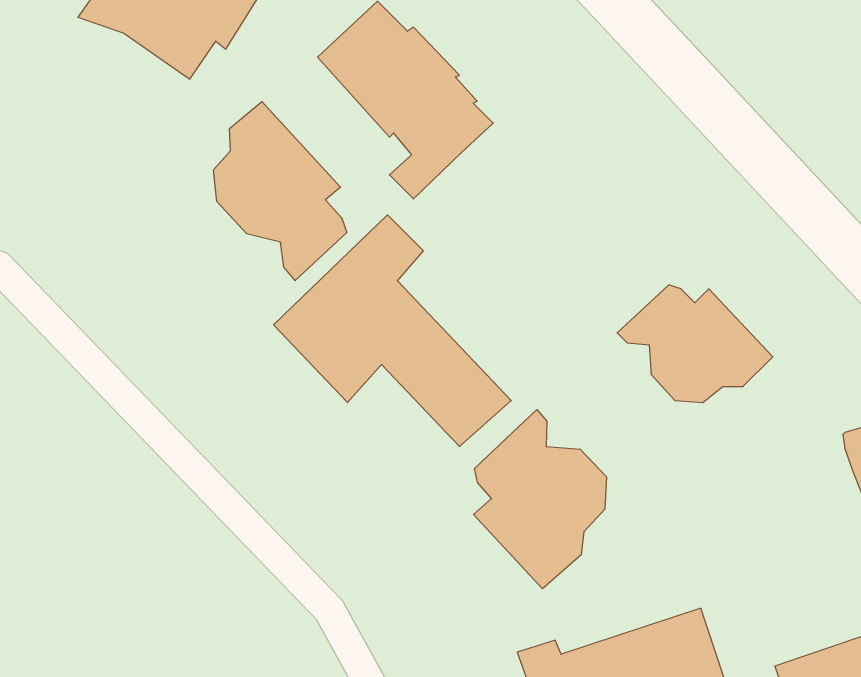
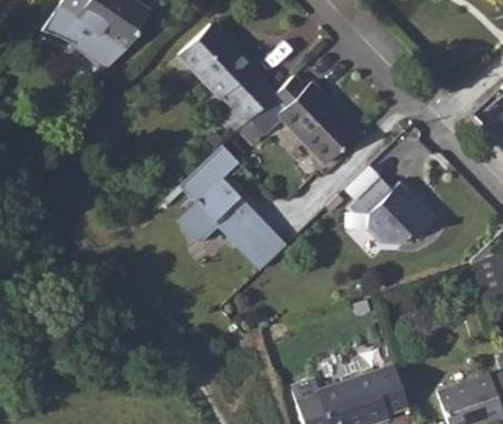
building: none -> [260,77,360,164]
building: [213,101,347,281] -> none
building: [474,410,607,589] -> none

